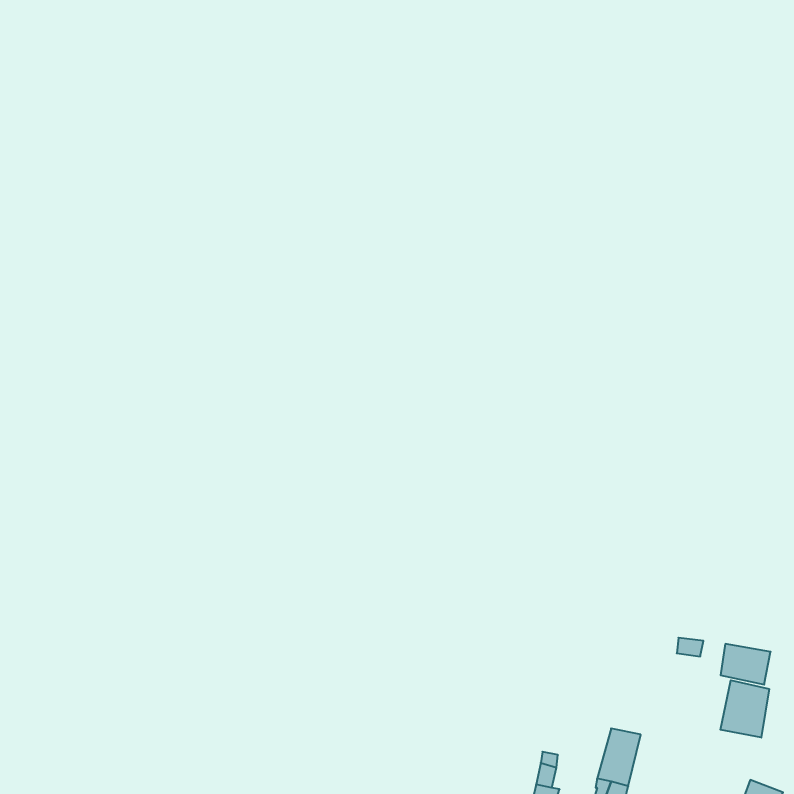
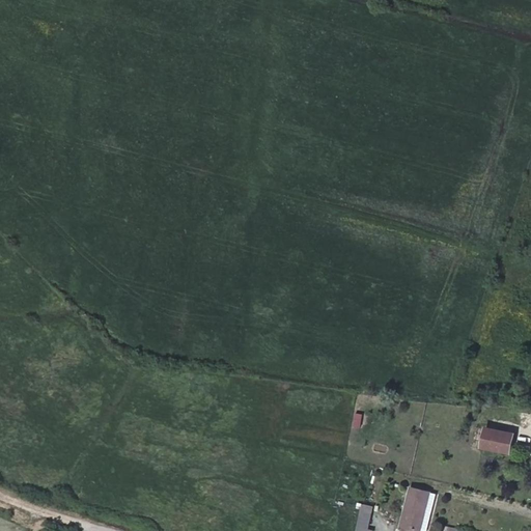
building: [720,680,769,738] -> none

